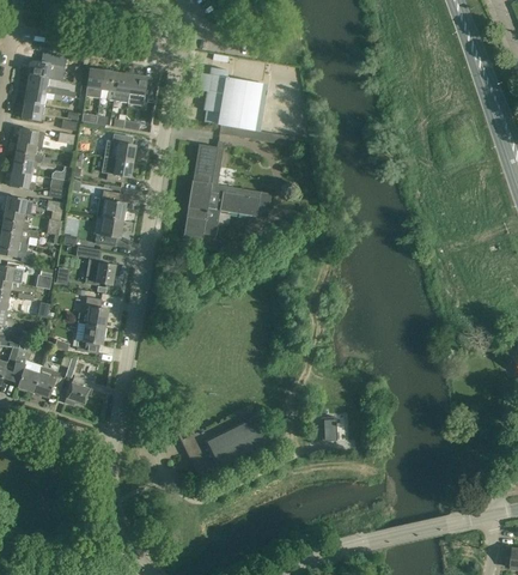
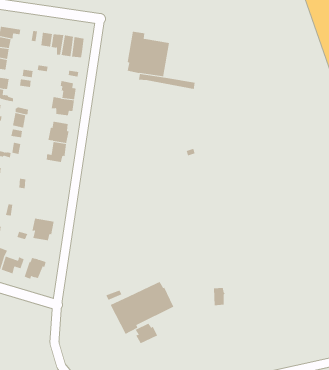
building: [183,144,270,238] -> none
building: [75,246,115,285] -> none
building: [77,296,108,326] -> none
building: none -> [135,323,158,345]

